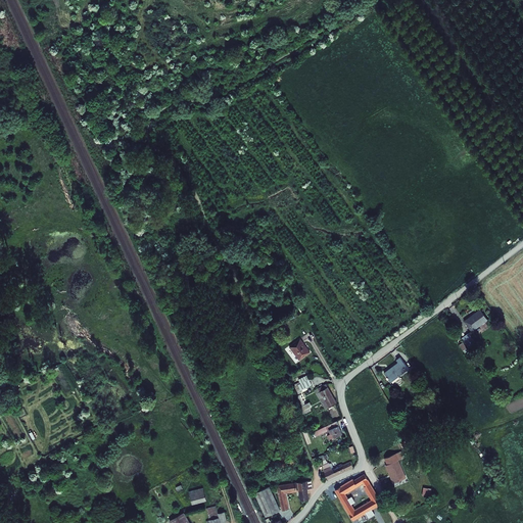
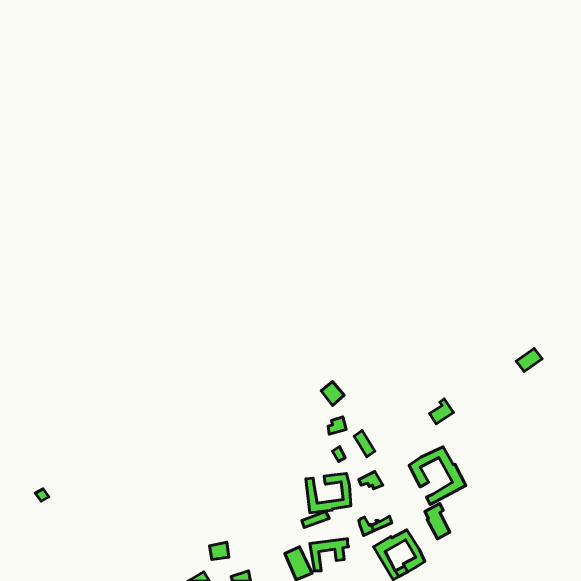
building: none -> [409,447,466,504]
building: none -> [306,474,351,513]

